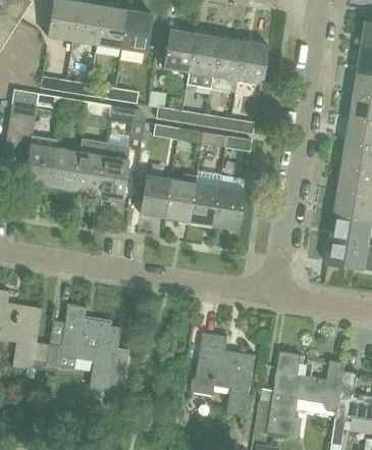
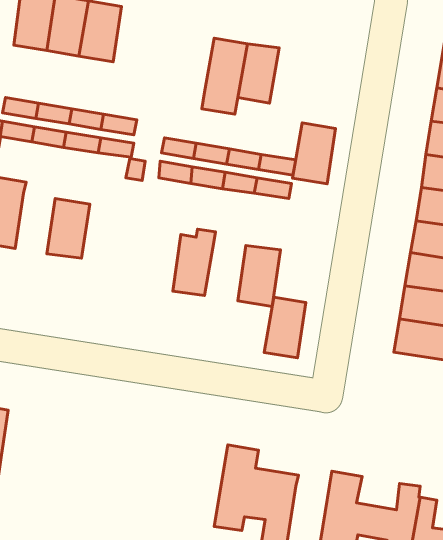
building: [120,9,152,54] -> none
building: [162,29,195,72] -> none
building: [235,40,267,85] -> [293,123,335,184]
building: [48,147,77,192] -> none
building: [97,147,129,199] -> none
building: [139,173,170,219] -> none
building: [188,182,218,227] -> [264,297,306,358]
building: [47,304,128,393] -> none

